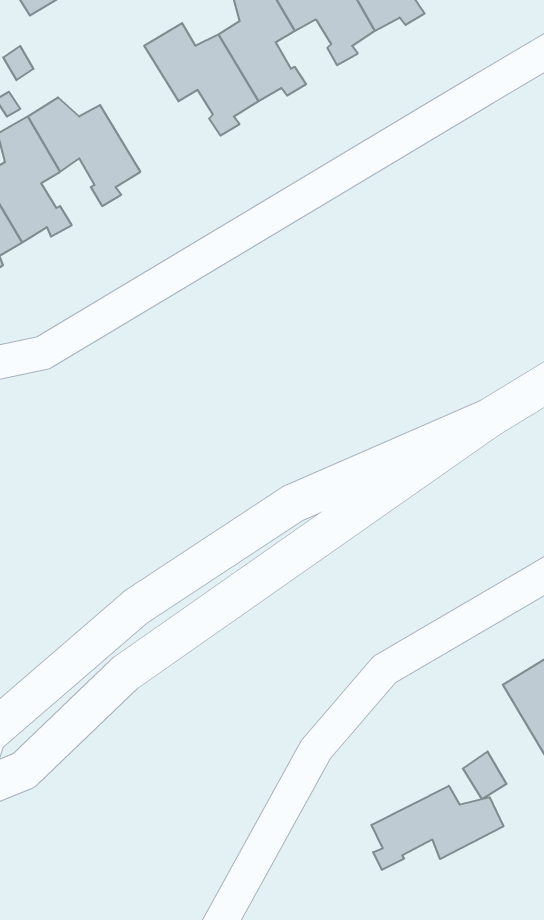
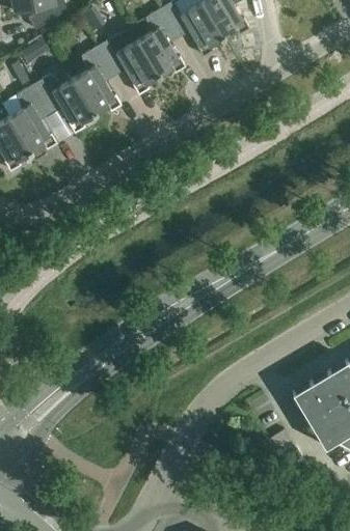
building: none -> [74,47,122,115]
building: [371,786,503,870] -> none

